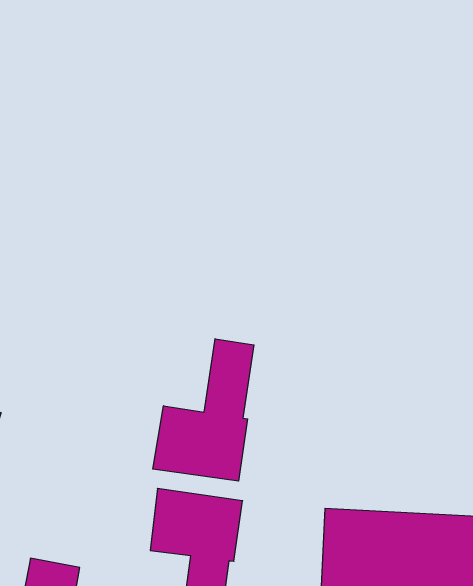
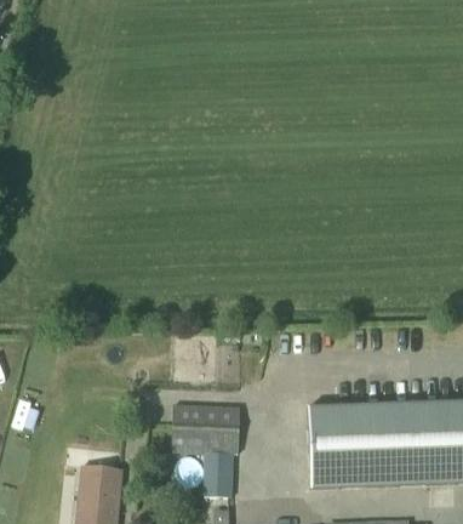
building: [153,339,254,481] -> none

